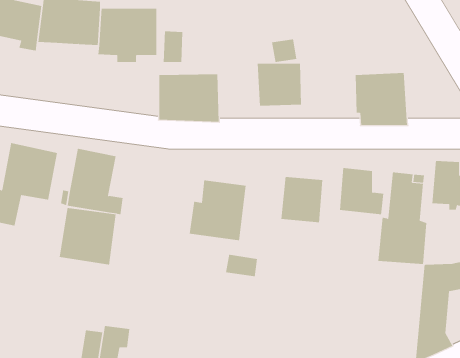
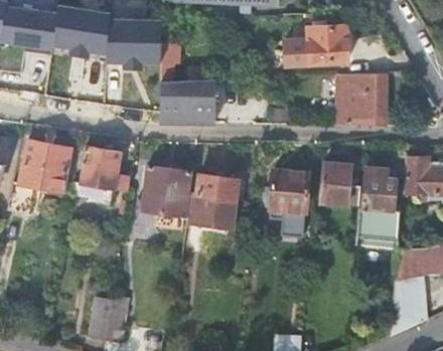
building: [257,63,302,106] -> [306,26,346,64]
building: [59,207,117,265] -> [142,165,193,216]

